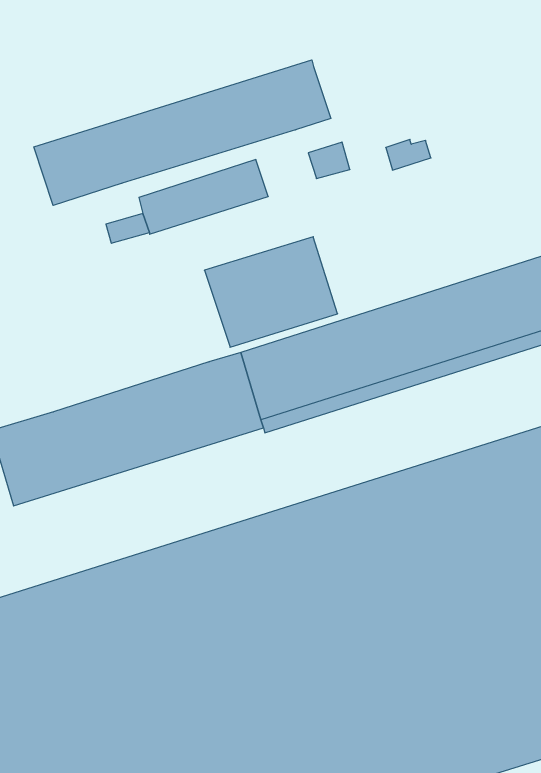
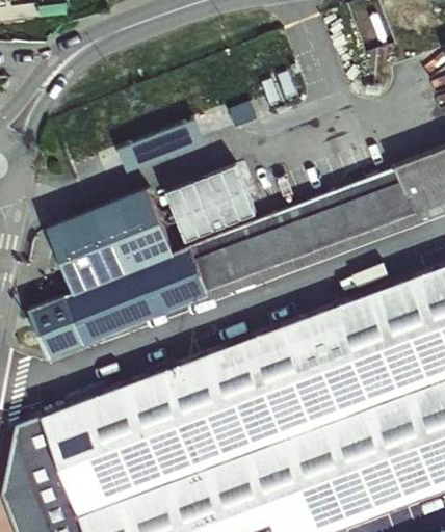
building: [34,60,331,205] -> none
building: none -> [50,188,175,291]

